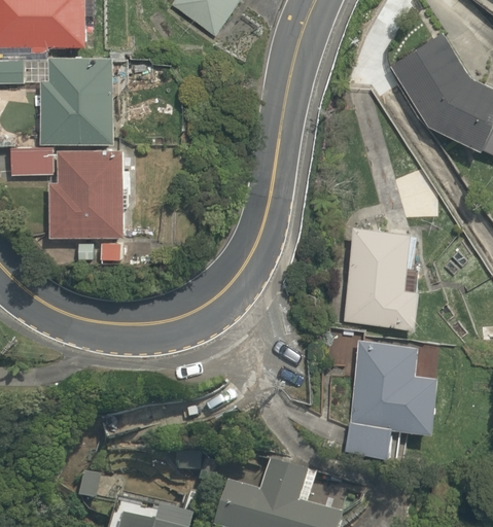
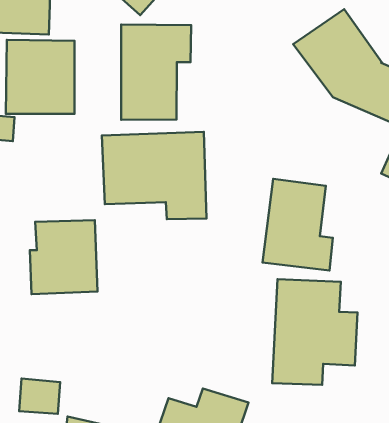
building: none -> [121,25,191,120]
building: [49,153,129,240] -> [30,220,97,294]
building: none -> [102,132,206,219]

